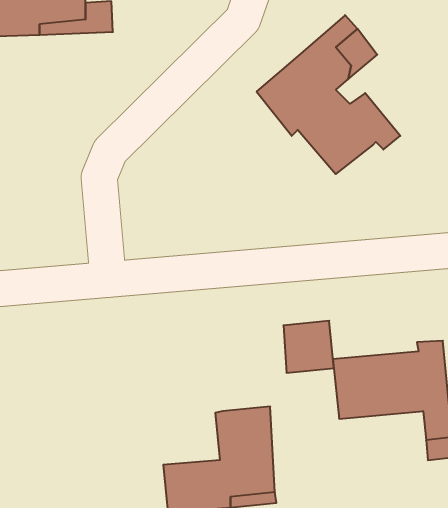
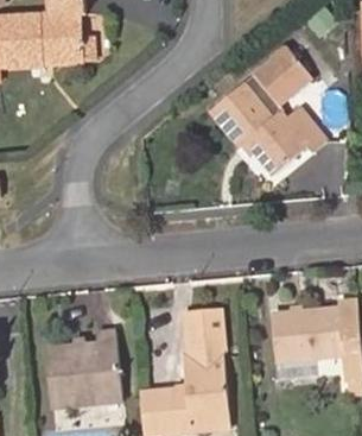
building: [283,321,334,373] -> [183,315,222,355]
building: none -> [45,336,120,412]

